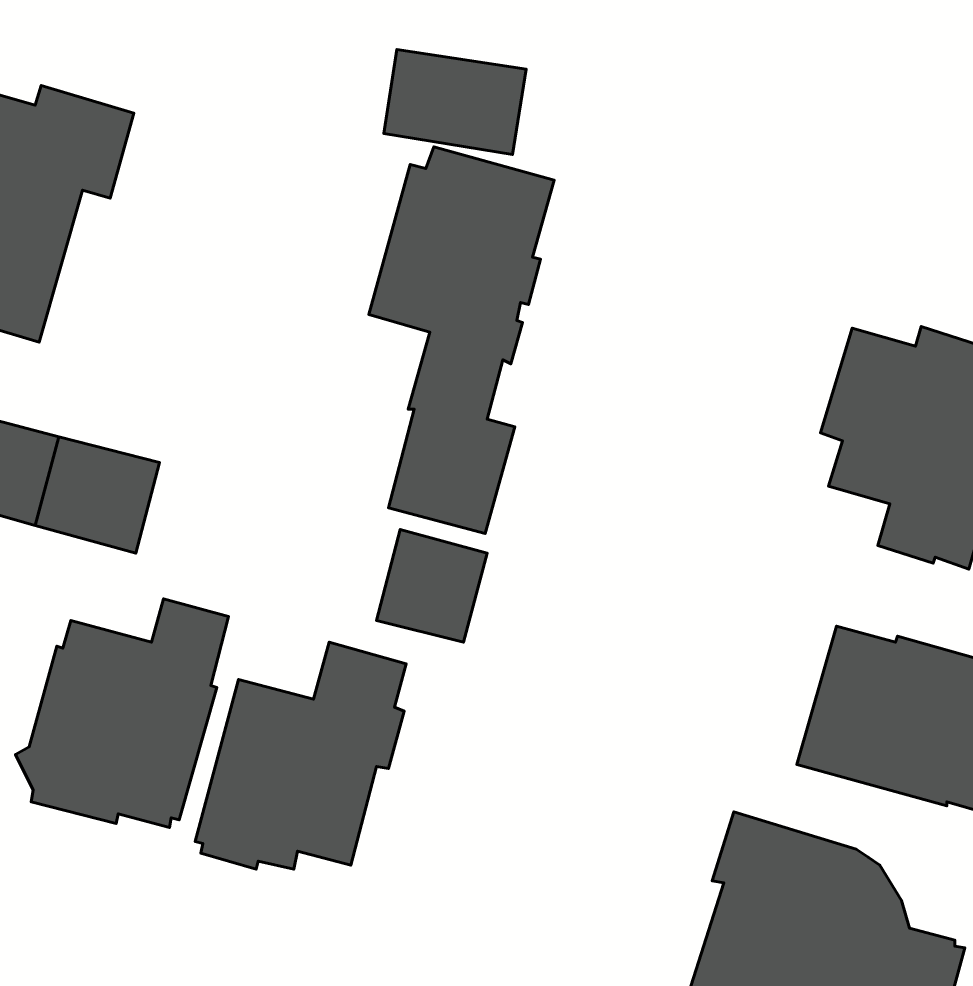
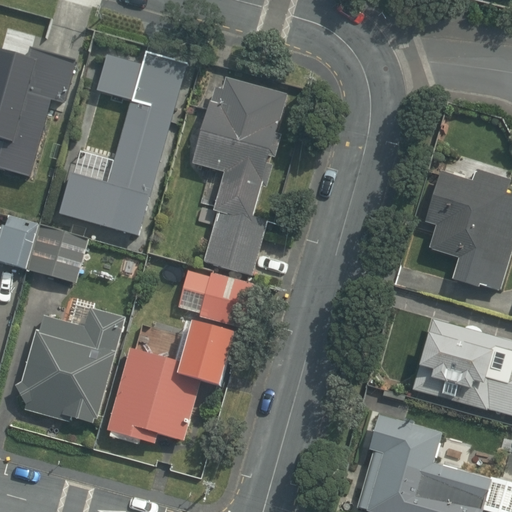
building: [384,50,526,155] -> none
building: none -> [58,49,187,235]

